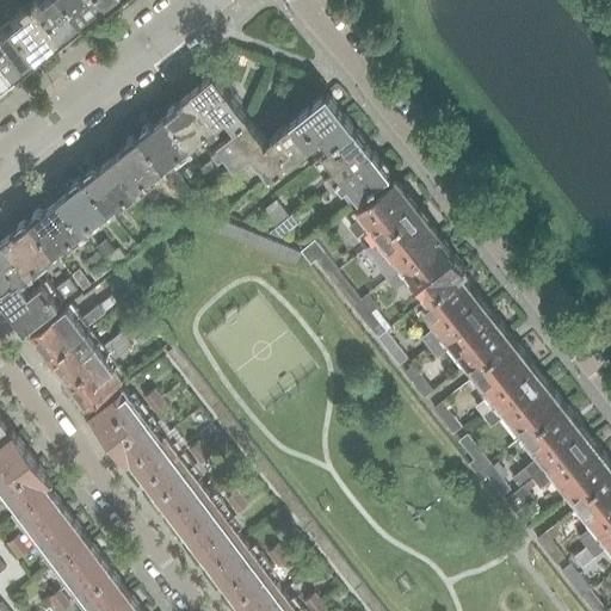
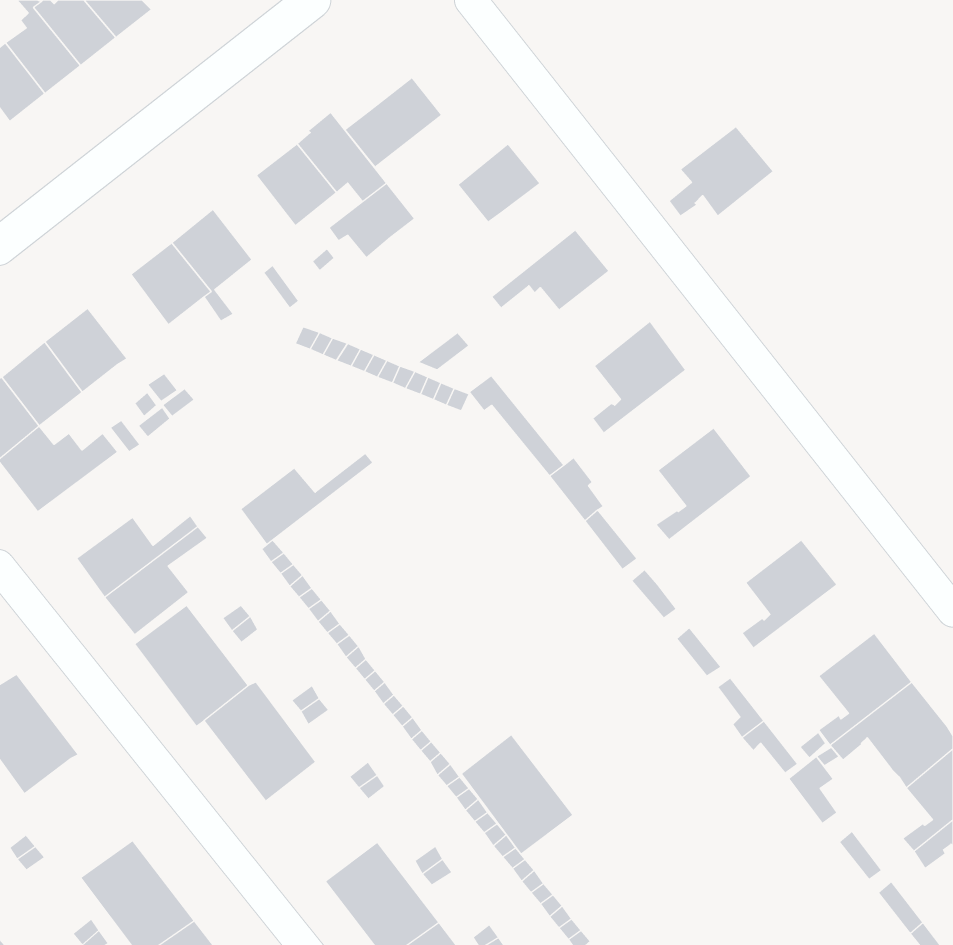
building: [136,118,189,172] -> none
building: [320,123,368,181] -> none
building: [249,124,311,181] -> [345,78,442,167]
building: [56,181,107,254] -> none
building: [348,183,415,240] -> [669,126,774,216]
building: [385,242,463,307] -> none
building: [29,301,113,359] -> [240,453,373,545]
building: [427,310,512,378] -> none
building: [481,379,558,438] -> none
building: [12,490,85,567] -> none
building: [169,493,241,569] -> [461,735,573,854]

